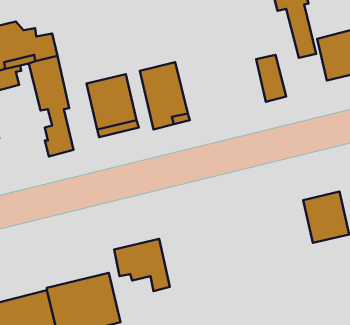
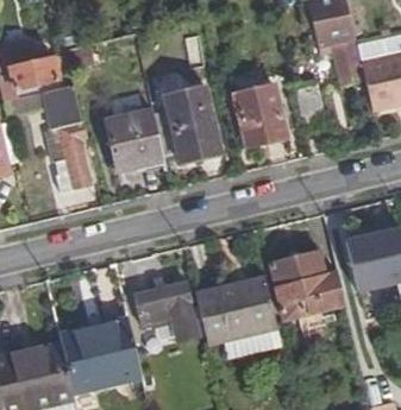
building: none -> [234,86,287,149]
building: none -> [269,246,345,318]
building: none -> [196,277,277,345]

